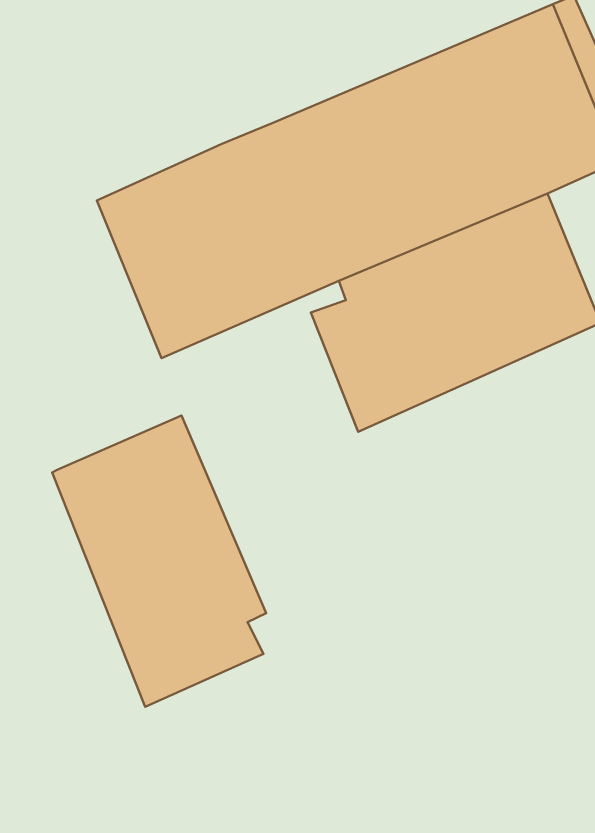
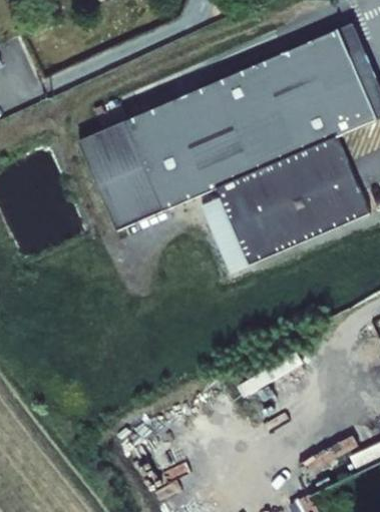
building: [52,415,266,707] -> none

